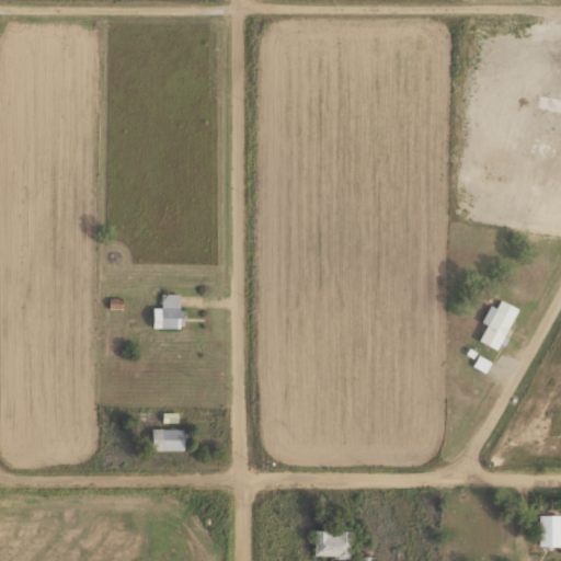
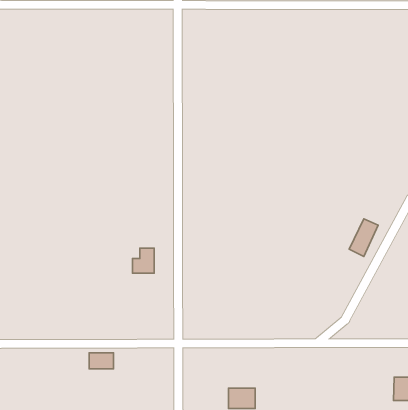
building: [153,294,183,328] -> [132,248,154,273]
building: [151,428,184,450] -> [89,353,113,369]

